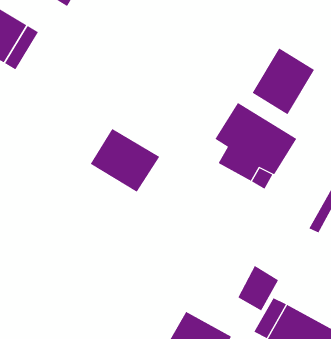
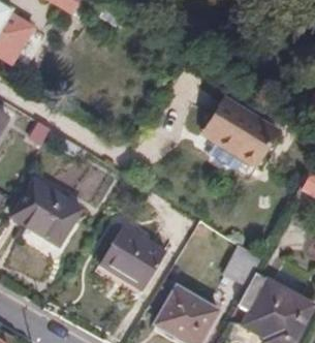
building: [252,47,315,115] -> none
building: [90,128,160,192] -> [15,182,78,240]
building: none -> [101,224,166,289]

